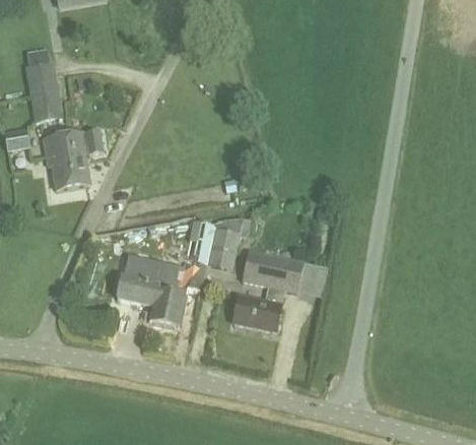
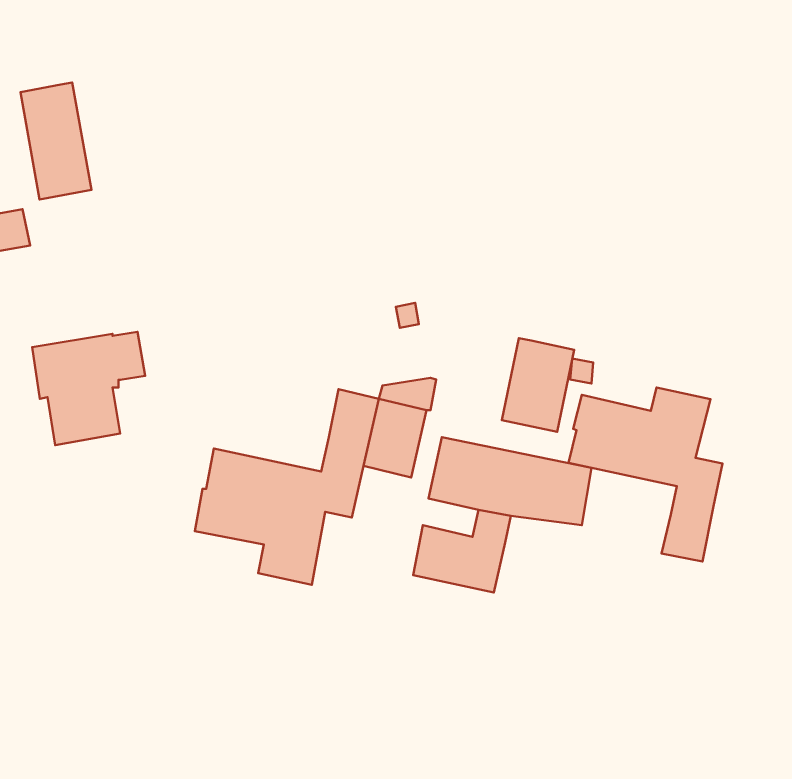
building: [43,130,103,190] -> [32,332,145,445]
building: none -> [502,338,574,432]
building: none -> [568,387,723,561]

